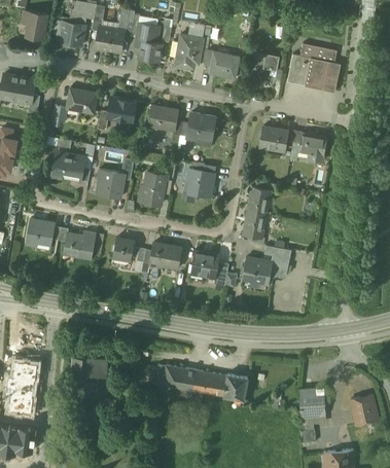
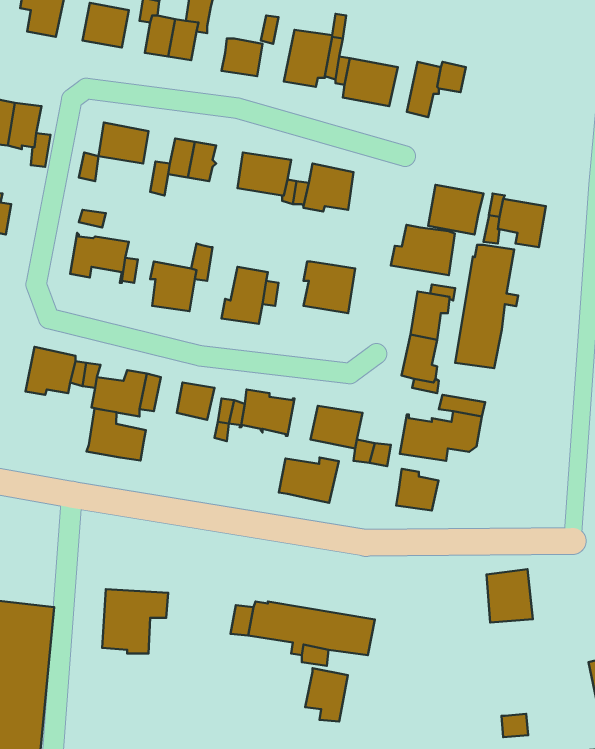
building: [135,23,159,48] -> none
building: [287,43,342,92] -> none
building: none -> [391,225,455,275]
building: none -> [455,245,518,368]
building: none -> [86,409,146,461]
building: none -> [279,458,339,503]
building: none -> [396,469,439,511]
building: [223,373,248,404] -> [305,668,348,722]
building: [299,387,326,418] -> [486,569,533,623]

